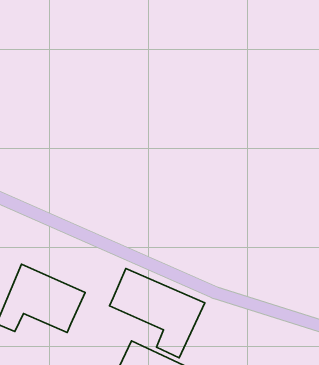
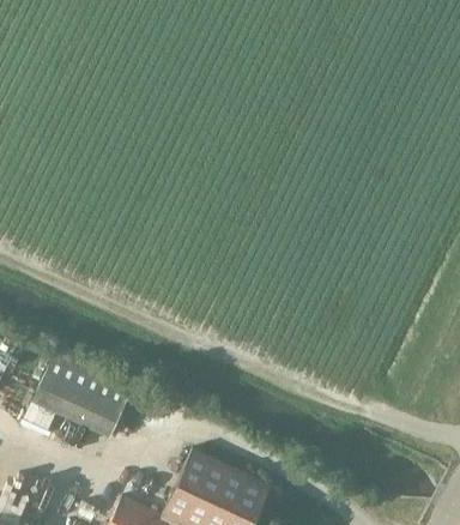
building: [110,268,205,358] -> none

